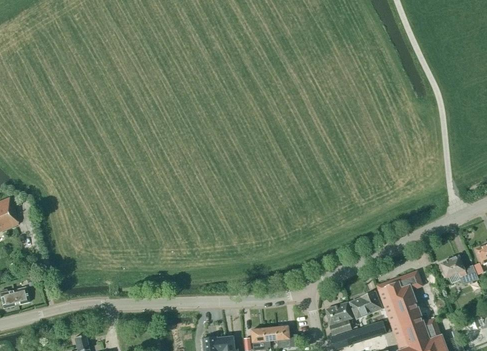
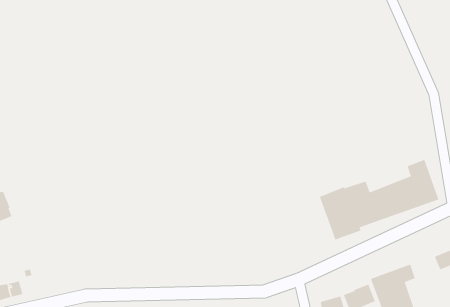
building: none -> [319,159,440,241]

